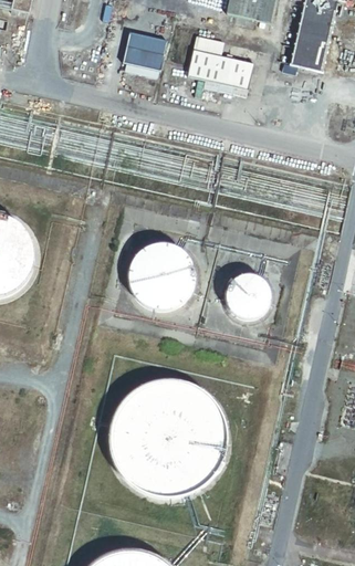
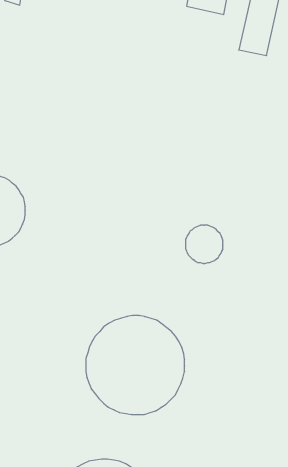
building: [124,31,169,75] -> none
building: [188,35,255,90] -> none
building: [129,241,196,307] -> none

